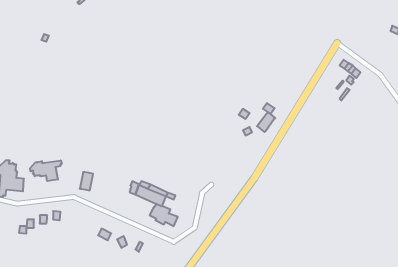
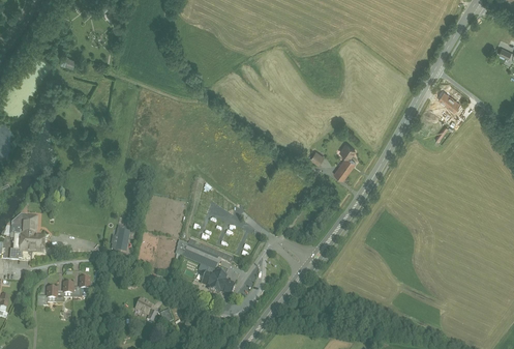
building: [30,160,62,181] -> none

